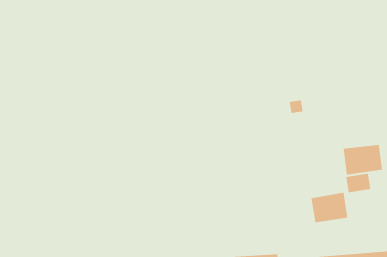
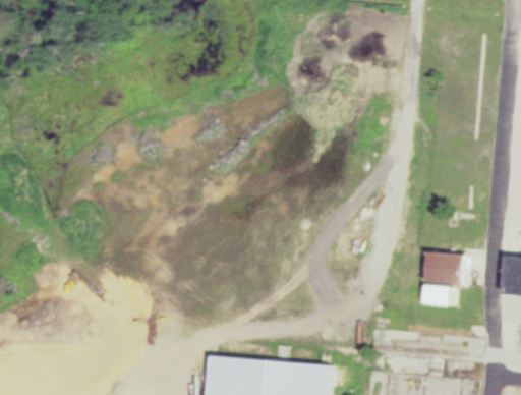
building: [311,192,348,223] -> none

